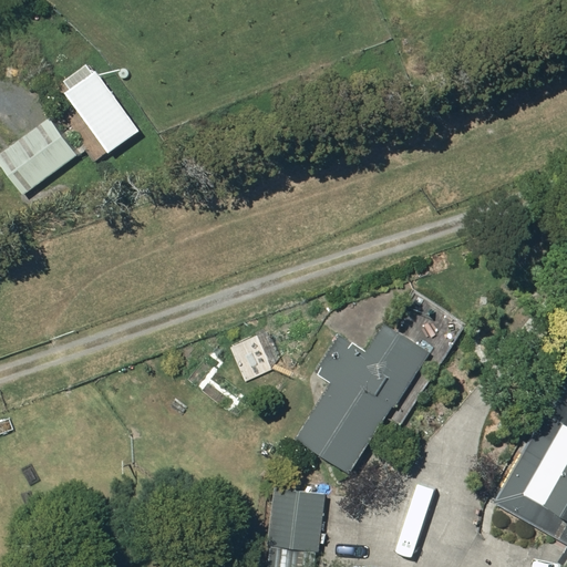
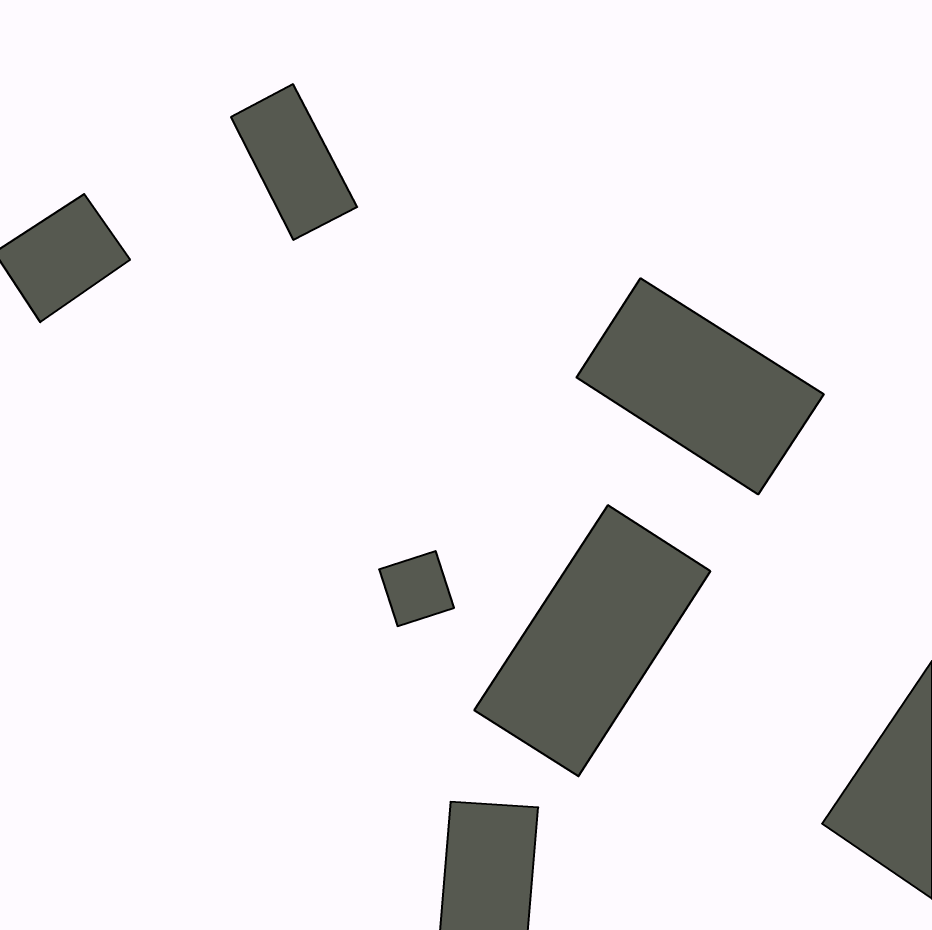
building: [65,59,142,153] -> [231,84,357,240]
building: none -> [577,278,824,494]

